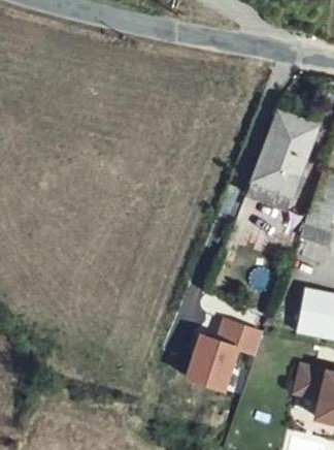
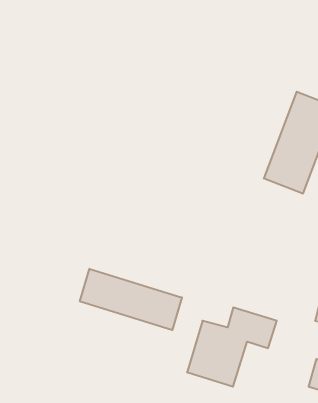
building: none -> [80,269,182,330]

